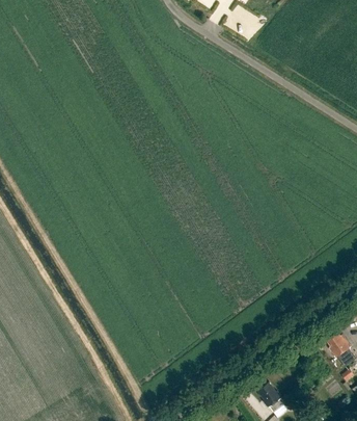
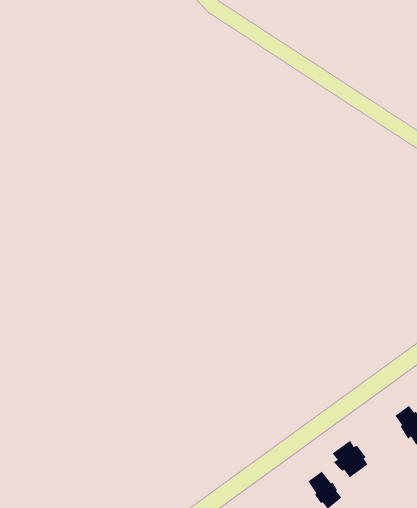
building: none -> [332,440,368,478]

